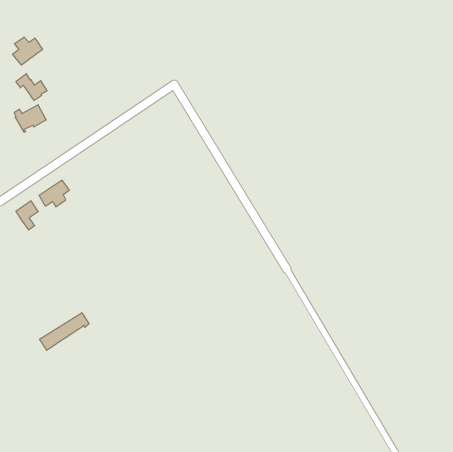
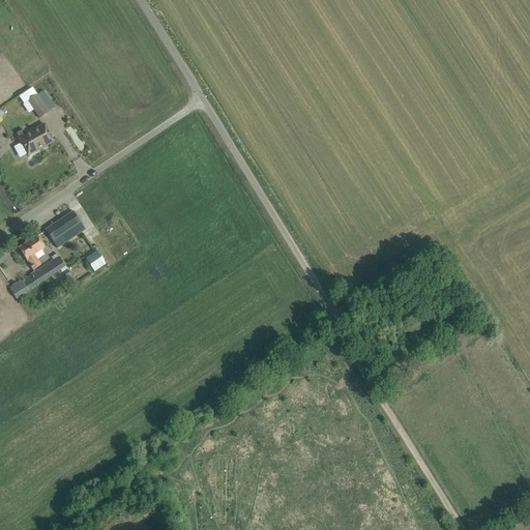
building: [13,37,43,65] -> none
building: [39,313,89,350] -> [9,255,67,298]

